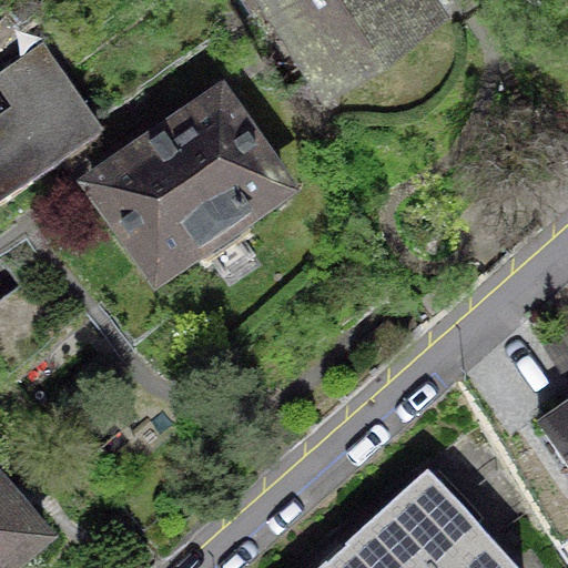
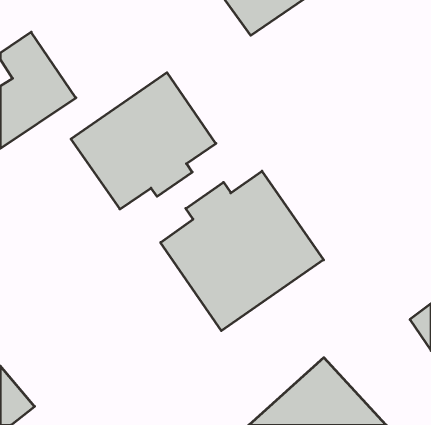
building: none -> [161,171,324,331]

